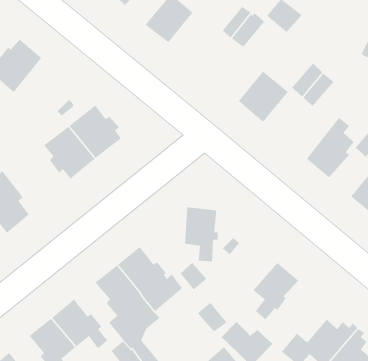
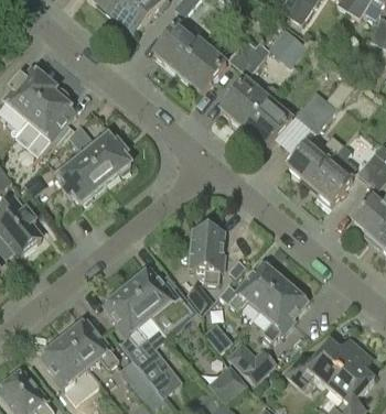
building: none -> [175,42,225,92]
building: none -> [219,79,267,128]
building: none -> [18,86,76,152]
building: none -> [287,135,341,184]
building: none -> [217,264,281,312]

